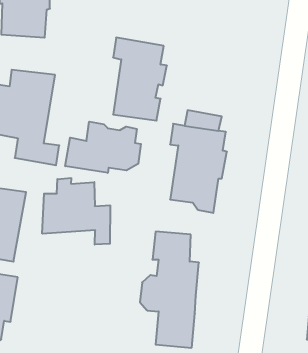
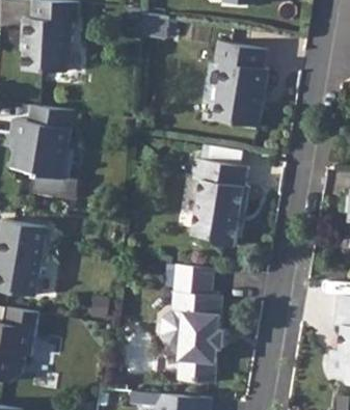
building: [113,38,167,121] -> [214,43,268,126]
building: [65,122,141,173] -> none
building: [42,178,110,245] -> none

